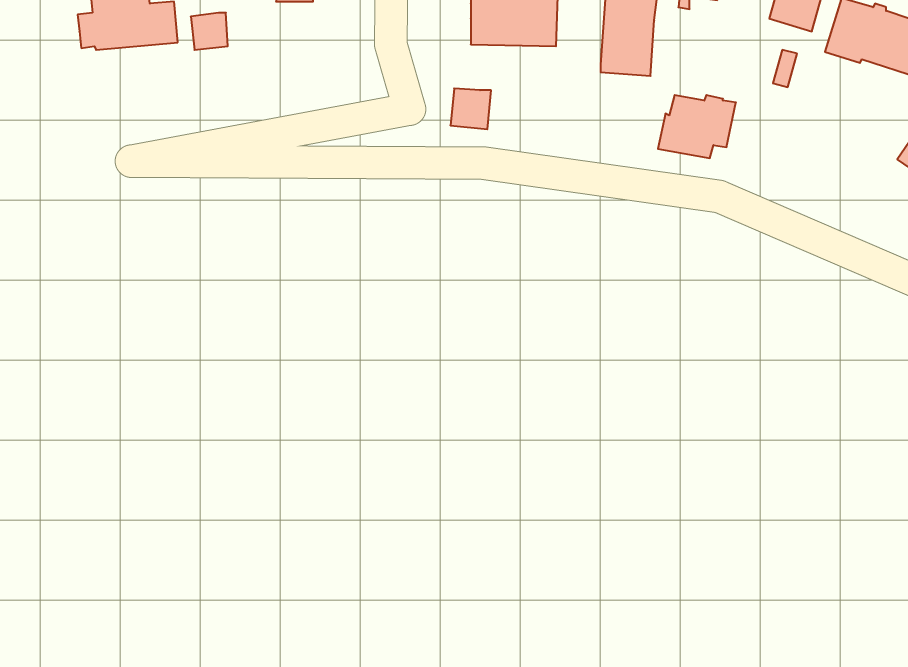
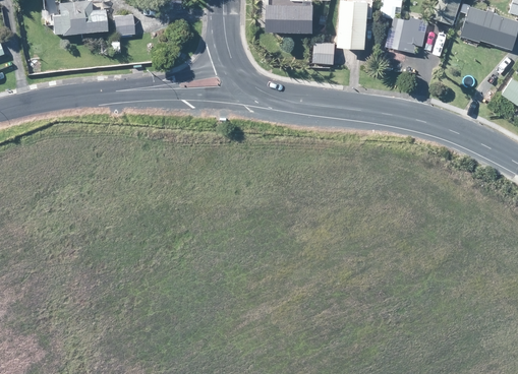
building: [450,88,491,129] -> [312,42,335,64]
building: [658,95,736,158] -> [385,17,427,52]

